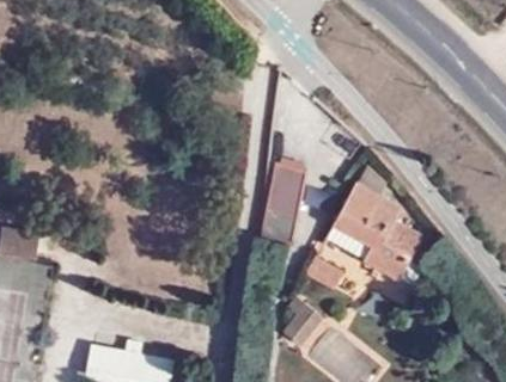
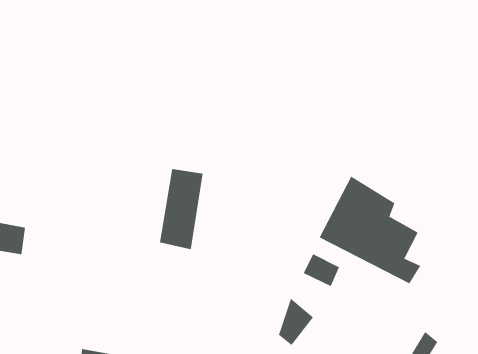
building: [262,164,305,242] -> [159,169,204,250]

